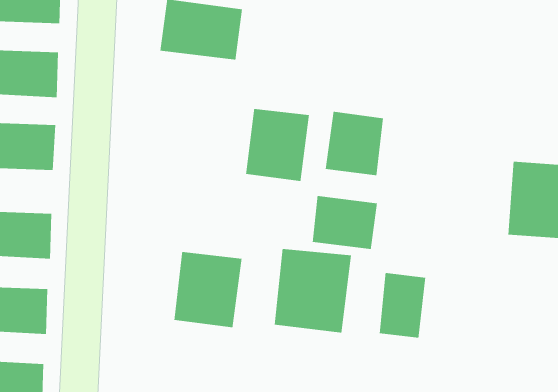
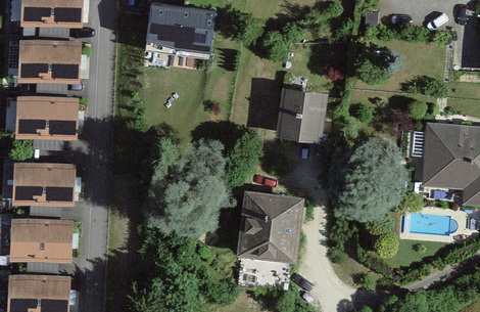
building: [245,108,310,182] -> none
building: [312,195,377,250] -> none
building: [174,251,242,328] -> none
building: [379,272,426,339] -> none

